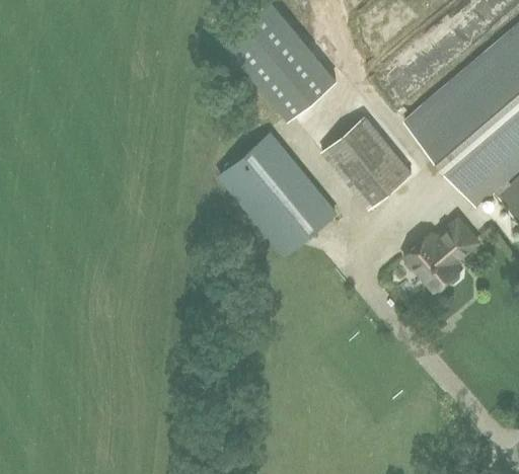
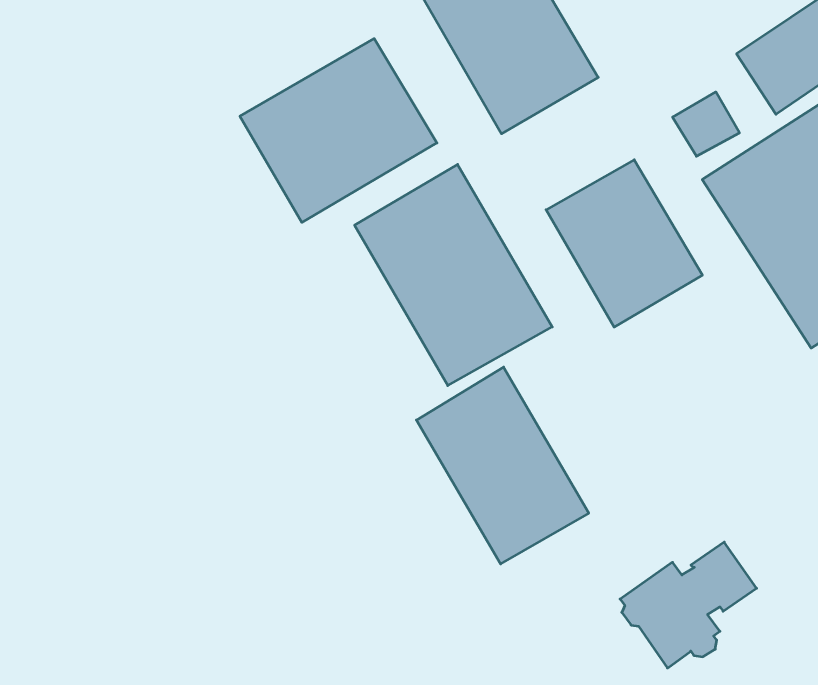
building: none -> [240,39,437,222]
building: [403,221,476,294] -> [620,542,757,668]
building: none -> [416,367,589,564]

